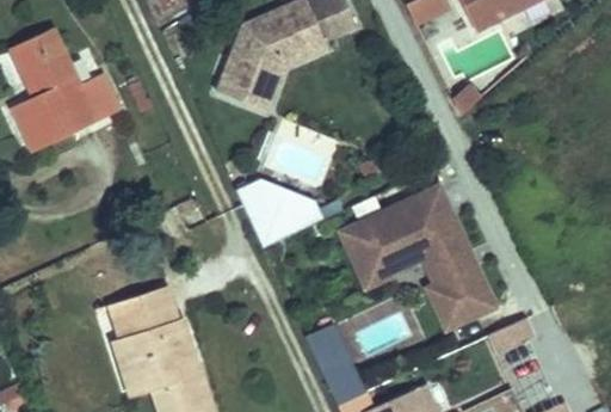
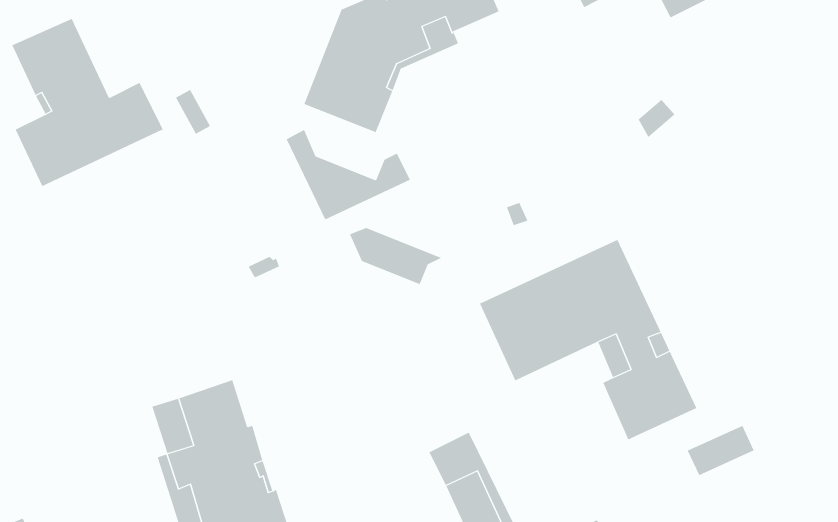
building: [235,183,323,247] -> [286,129,411,220]

